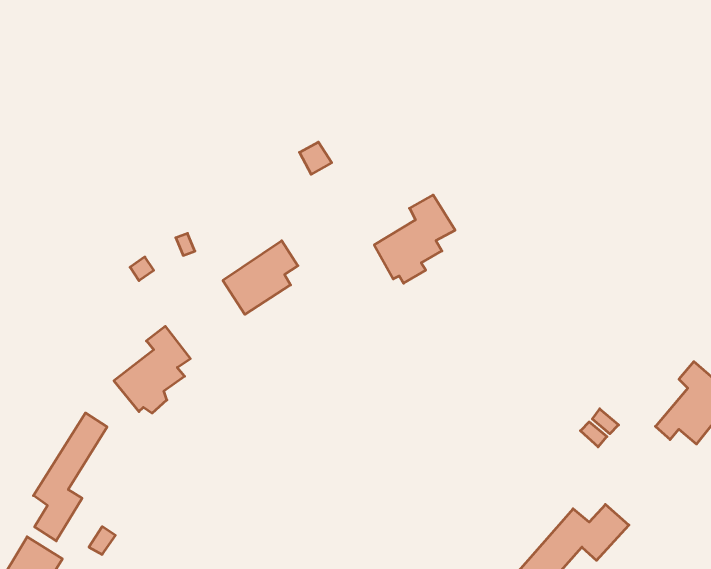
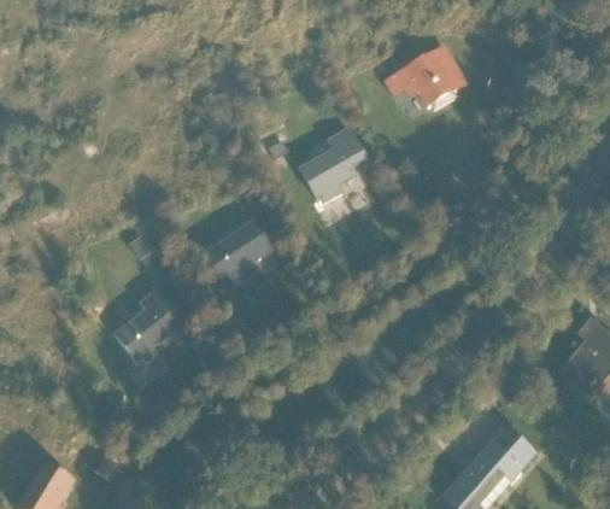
building: none -> [385,46,457,109]
building: [374,195,455,283] -> [300,129,366,201]
building: [33,413,107,541] -> none

